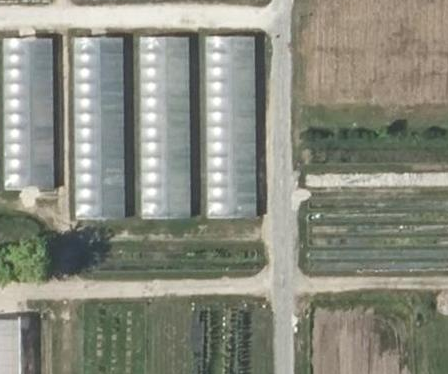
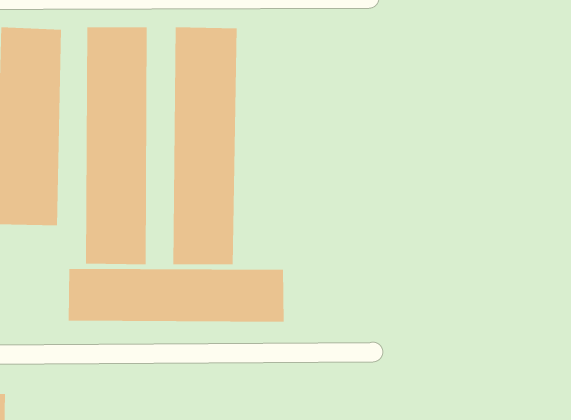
building: [206,35,257,218] -> none
building: none -> [68,268,284,322]

